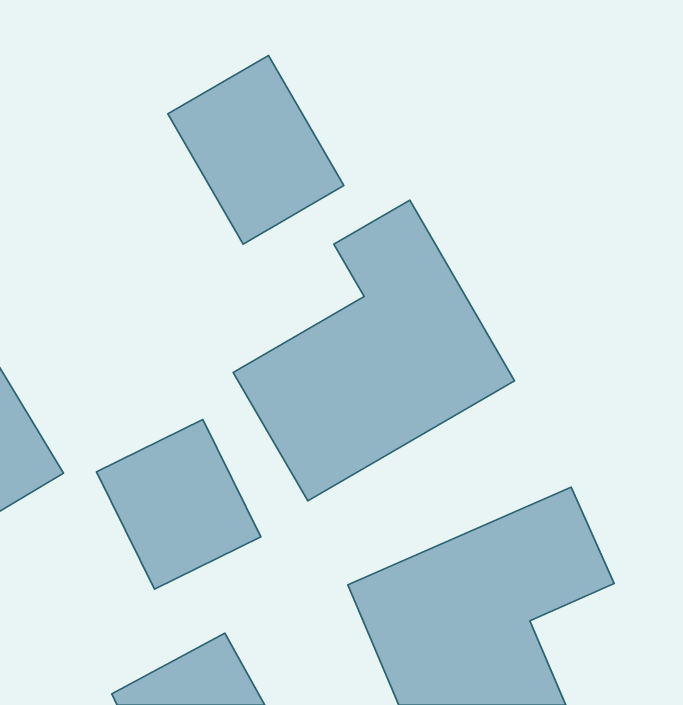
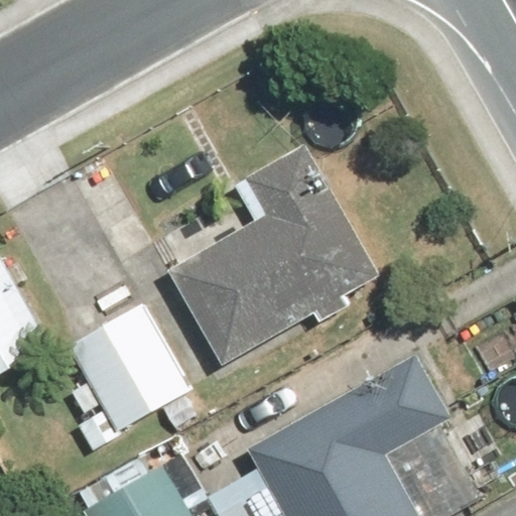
building: [168,56,344,244] -> none

